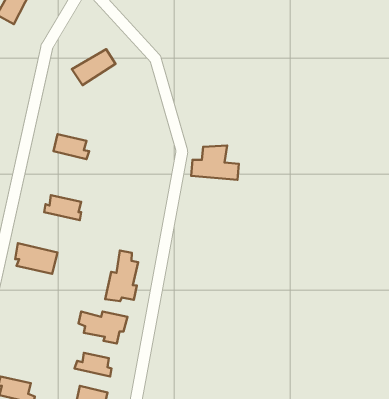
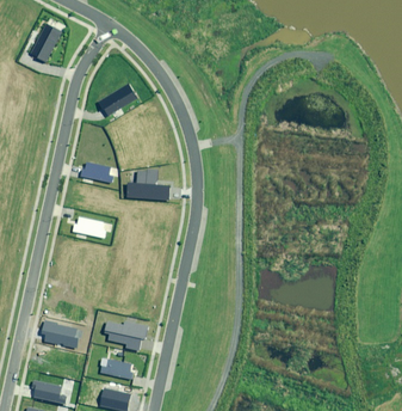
building: [191,145,239,180] -> [128,168,171,200]
building: [15,243,57,274] -> [43,319,81,346]
building: [105,251,138,301] -> none

